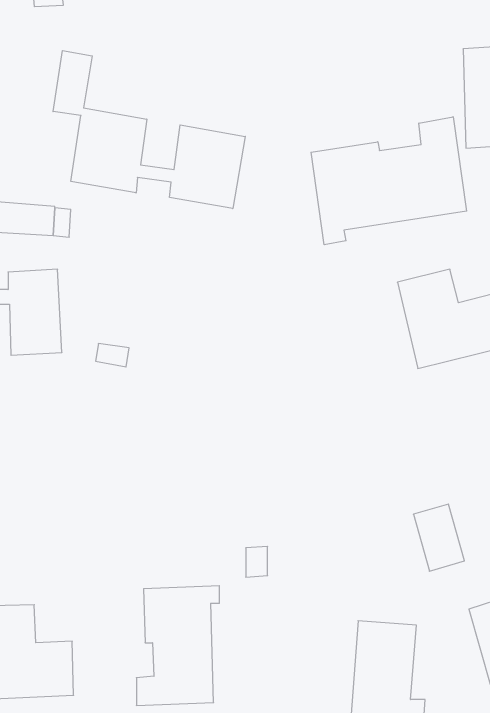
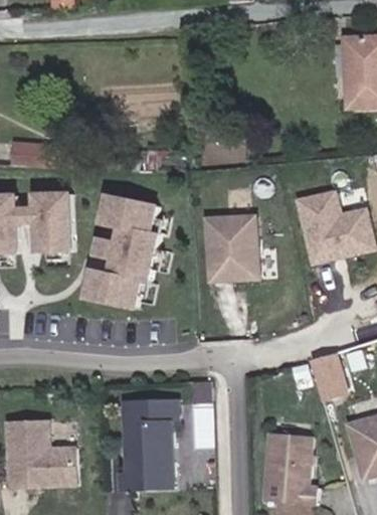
building: [53,51,245,209] -> none
building: [311,117,467,245] -> none
building: none -> [84,196,154,308]
building: none -> [206,214,257,280]

